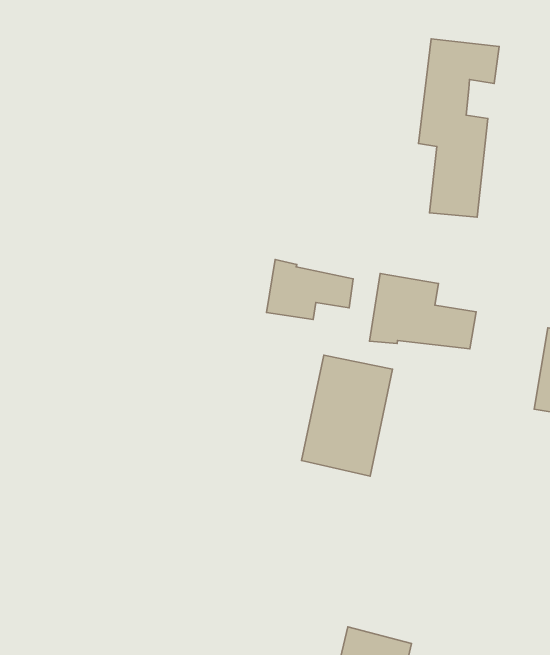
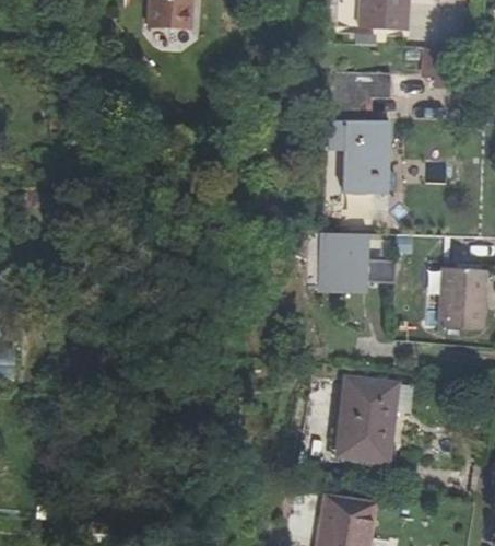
building: [267,259,353,319] -> none
building: [302,355,392,476] -> [337,379,394,461]

